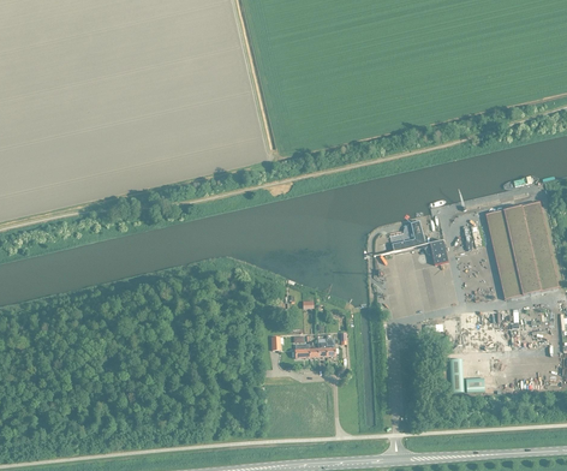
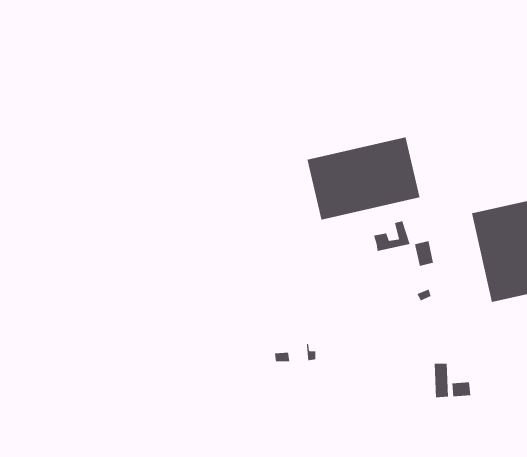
building: none -> [307,136,420,220]

